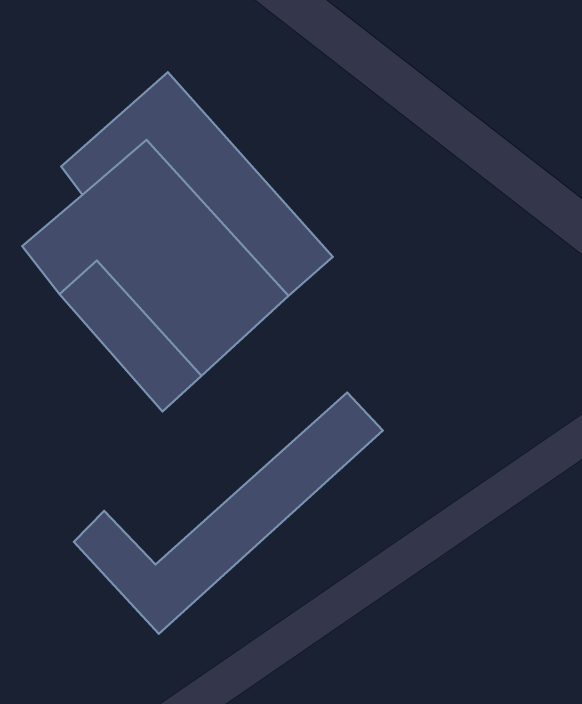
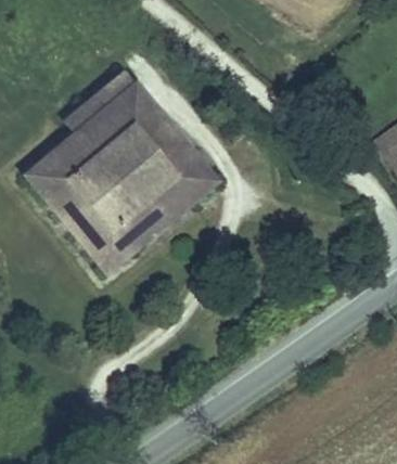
building: [74,392,383,634] -> none

